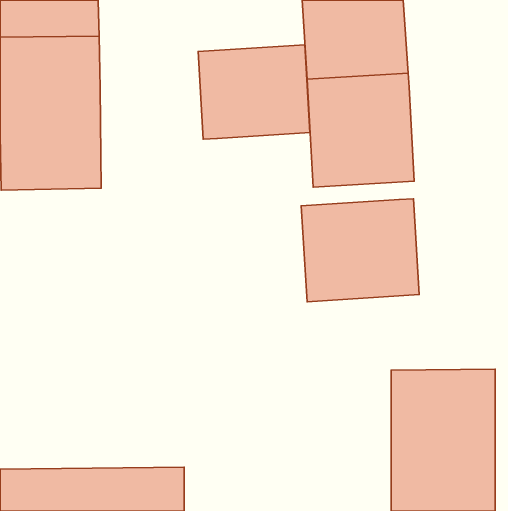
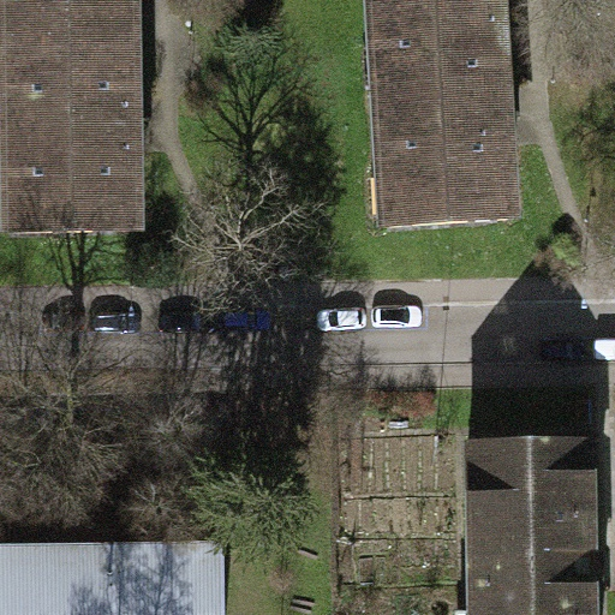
building: [198,45,310,139] -> none
building: [301,199,419,302] -> none

